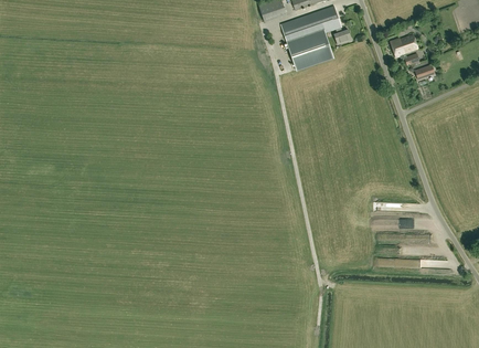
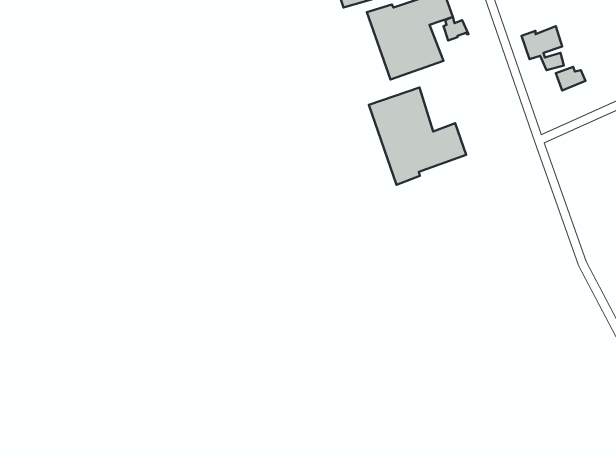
building: none -> [369,88,466,185]

